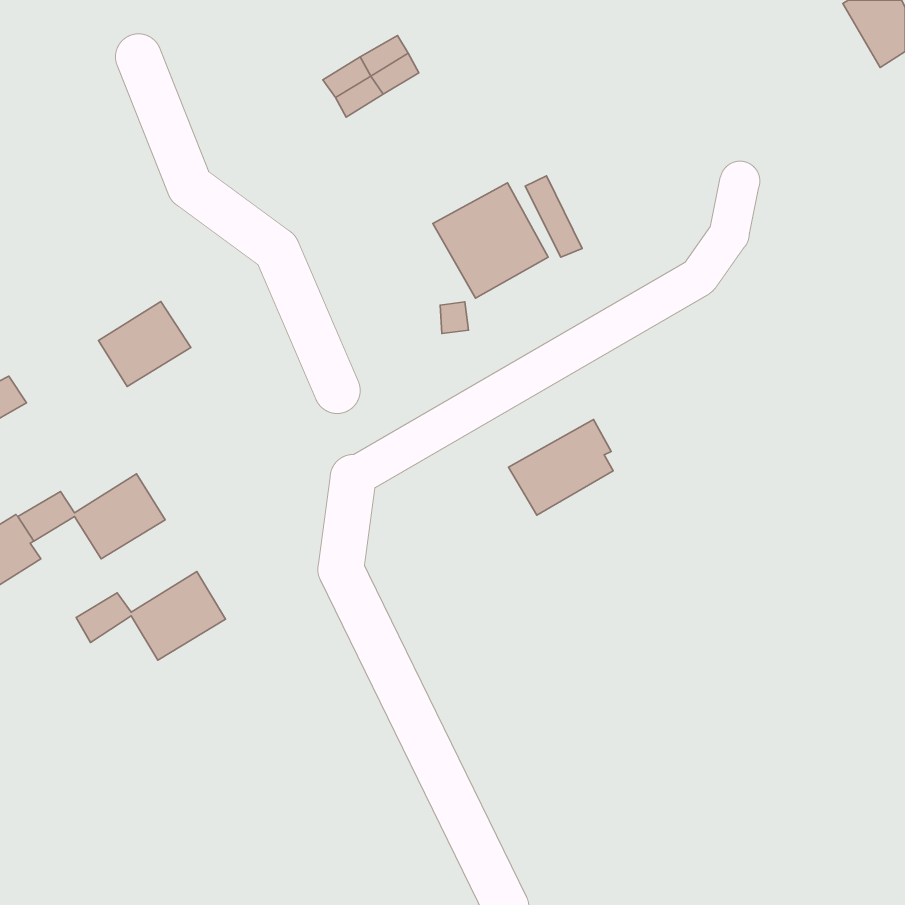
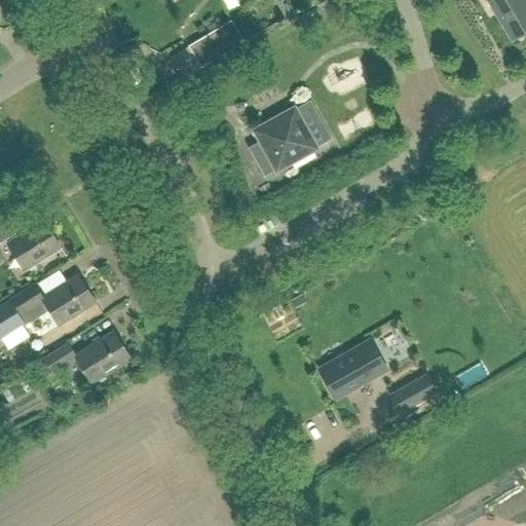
building: [99,301,191,387] -> [8,220,62,269]
building: [508,419,613,515] -> [318,343,379,399]
building: none -> [388,376,435,414]

